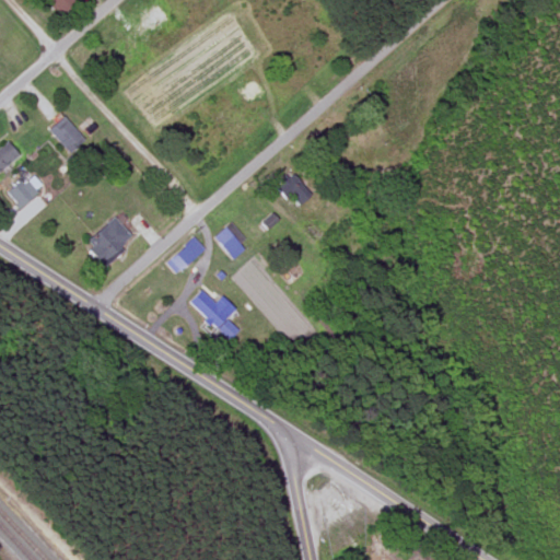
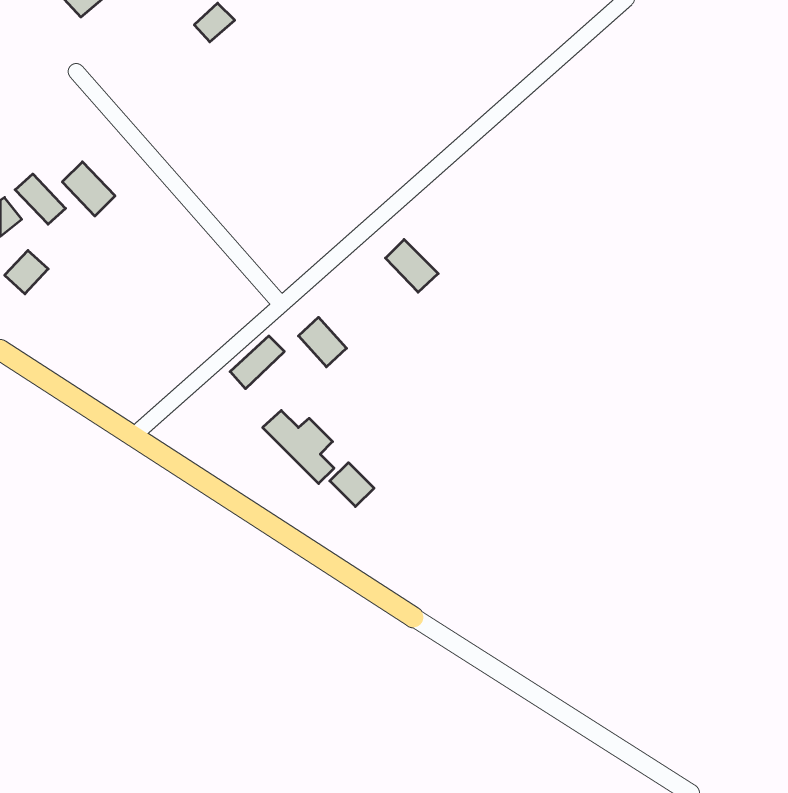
building: none -> [15,174,66,224]
building: [84,217,130,266] -> none
building: none -> [330,463,374,507]

